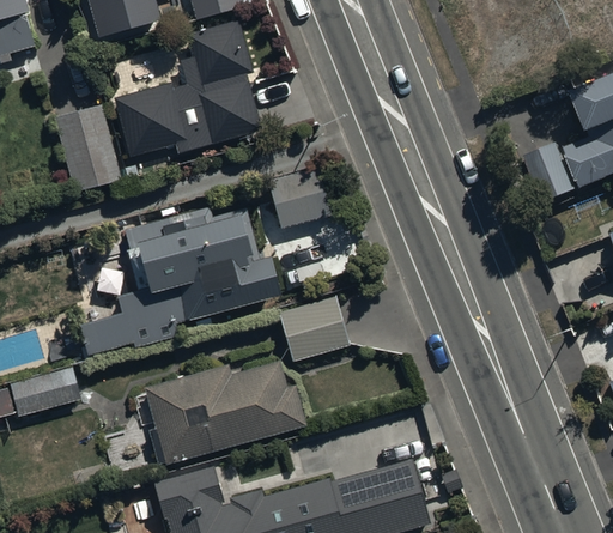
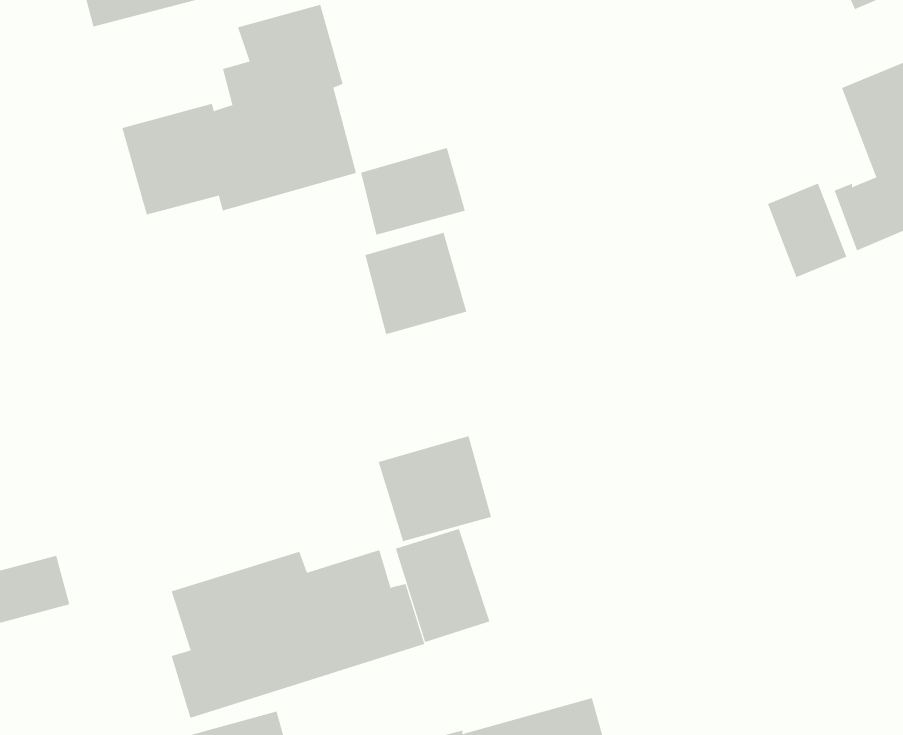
building: [54,104,126,190] -> none
building: none -> [360,147,465,236]
building: [78,204,280,355] -> none
building: none -> [395,528,490,643]

